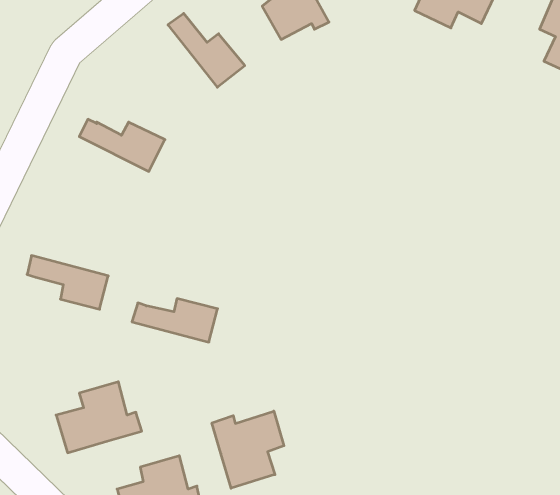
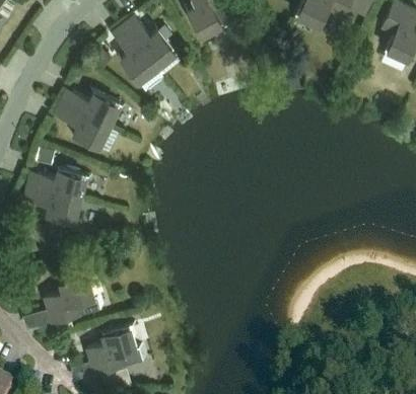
building: none -> [112,25,156,83]
building: none -> [54,103,109,149]
building: [132,299,218,342] -> [26,170,86,201]
building: [212,411,284,488] -> none

